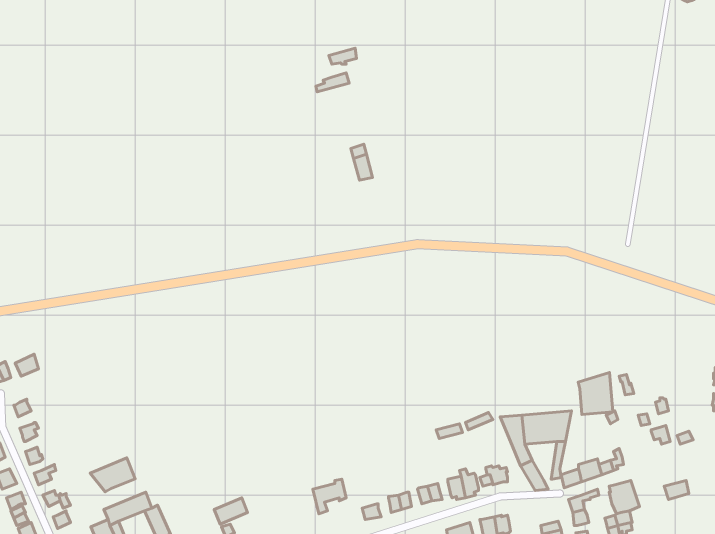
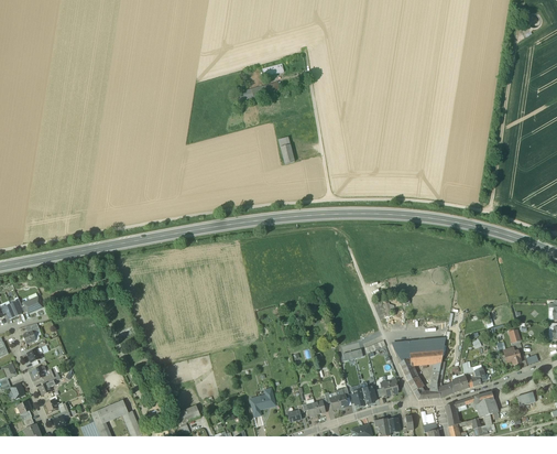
building: [578,372,613,414] -> none
building: [90,458,135,492] -> none

